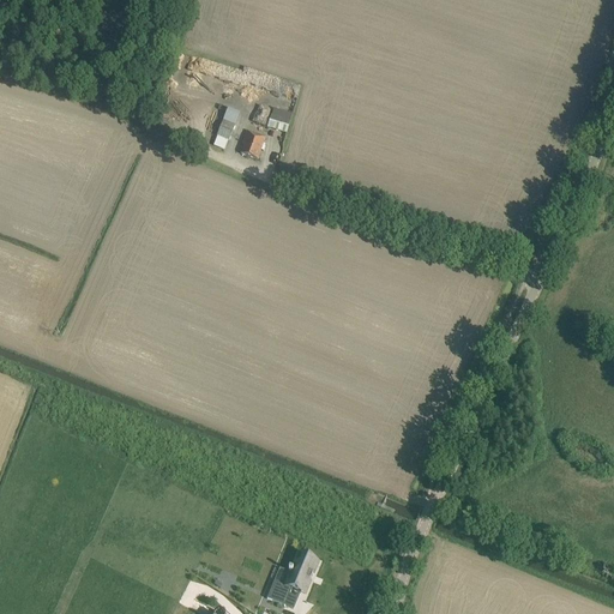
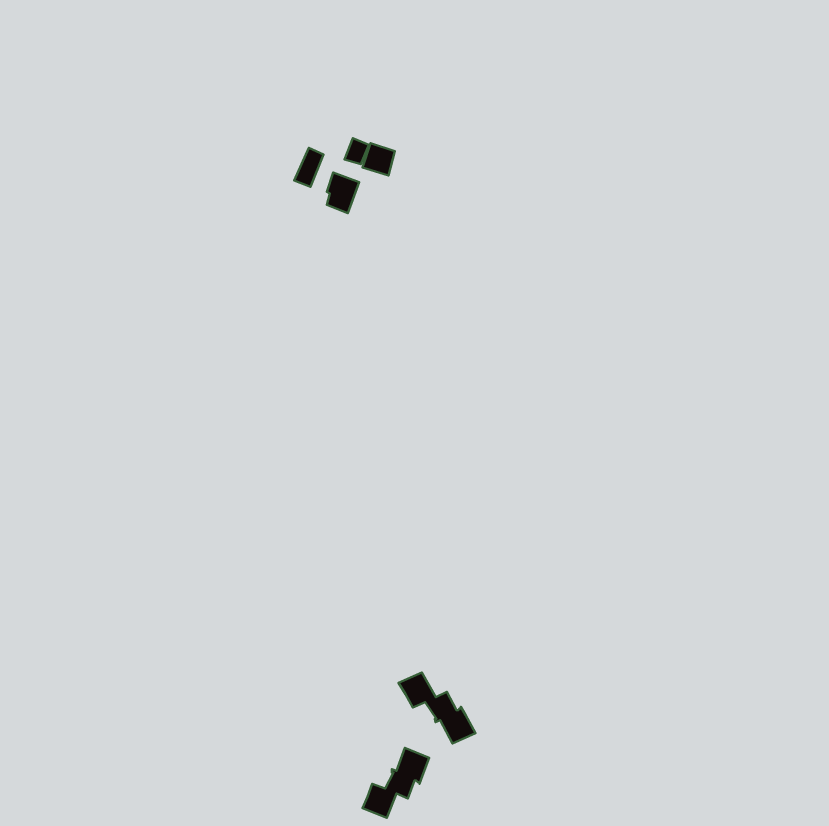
building: none -> [399,672,475,743]

